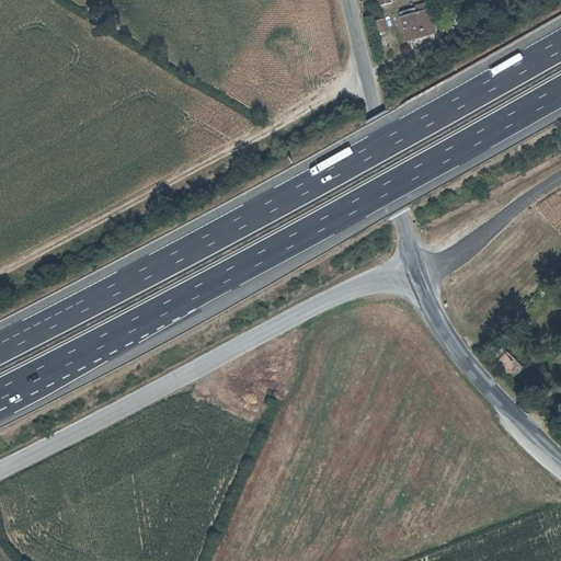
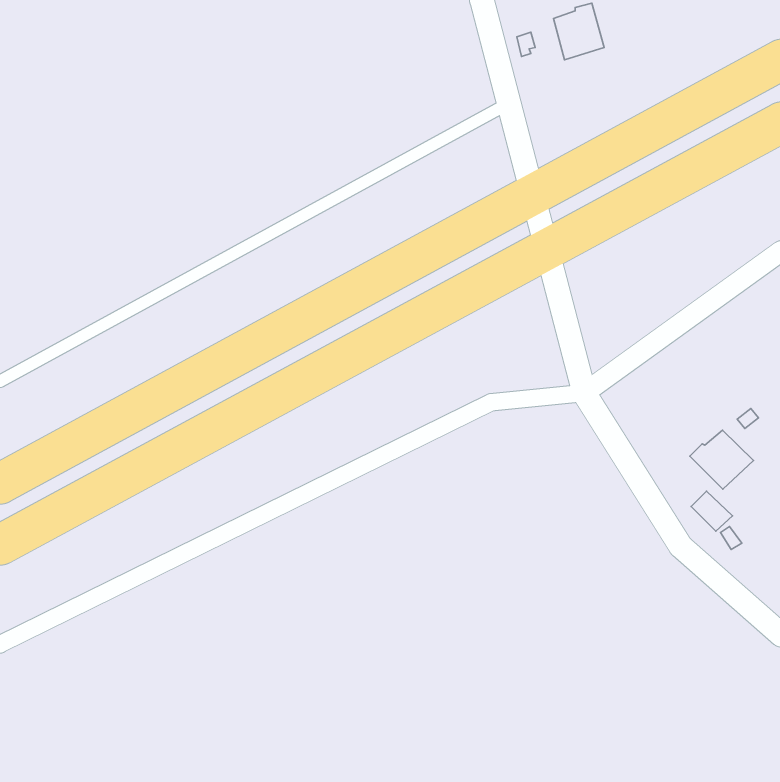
building: none -> [690,430,754,489]

